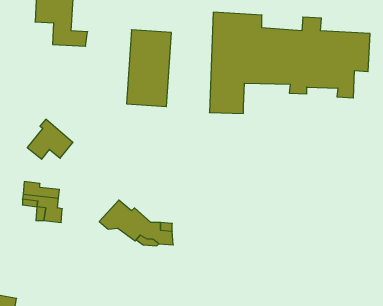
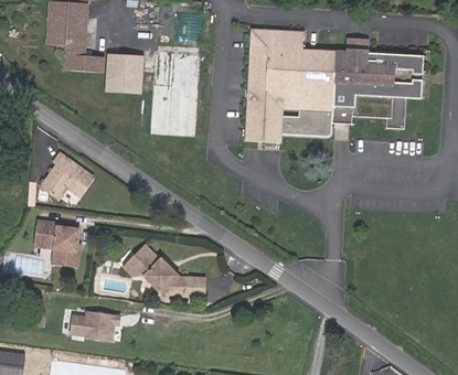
building: none -> [106,51,143,92]
building: none -> [281,110,334,138]
building: none -> [70,312,119,341]

